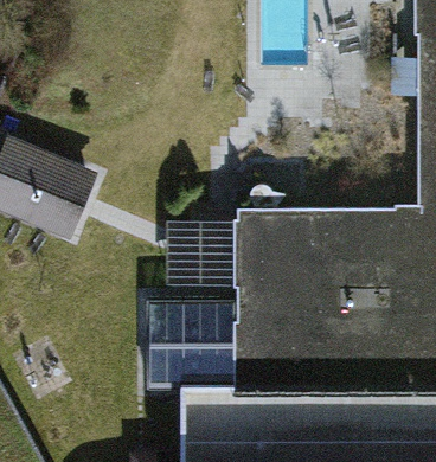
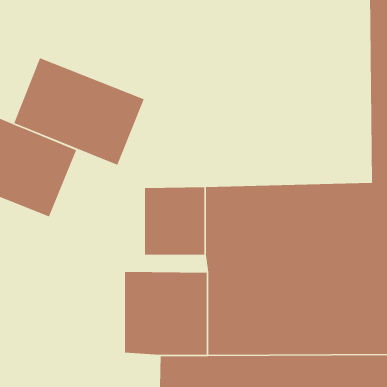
building: none -> [13,57,145,166]

